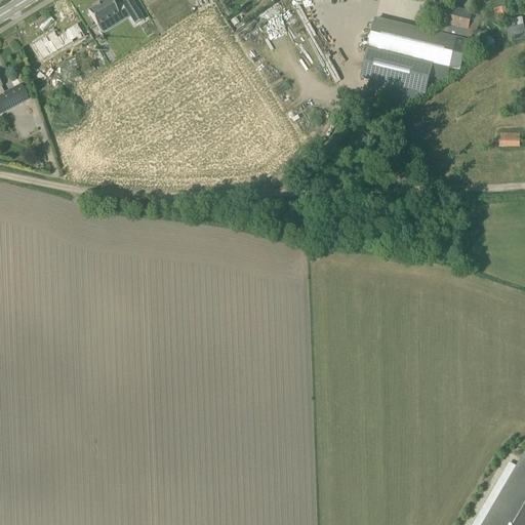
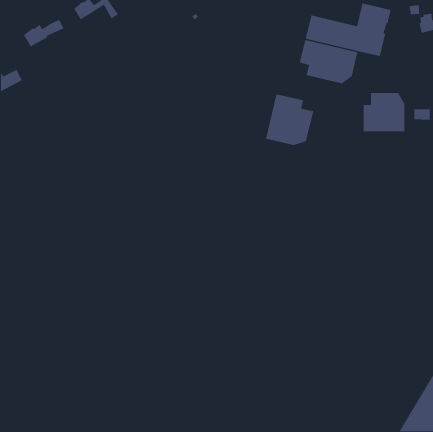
building: none -> [363,92,405,132]
building: none -> [265,94,314,146]

